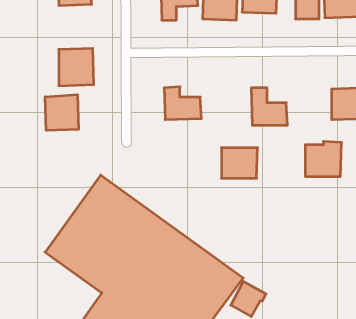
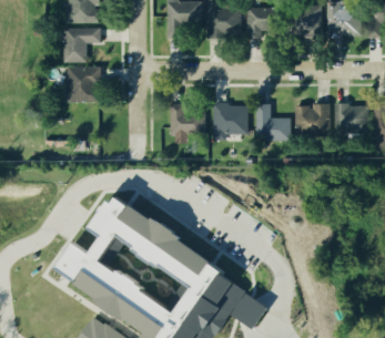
building: none -> [64,28,101,62]
building: [45,95,78,130] -> none
building: [305,141,342,176] -> [295,103,331,137]
building: [221,148,258,178] -> [213,104,249,134]

